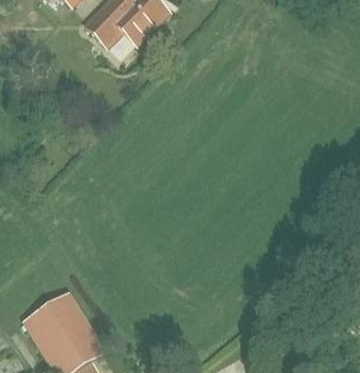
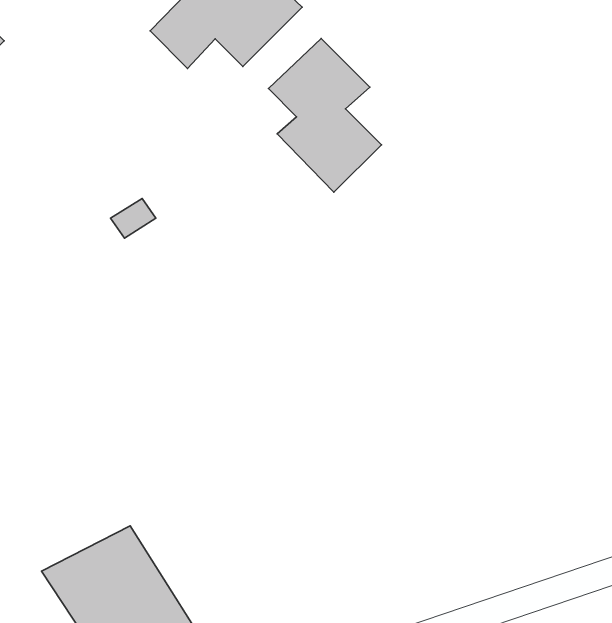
building: none -> [268,39,381,192]

